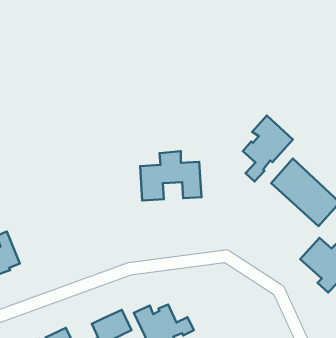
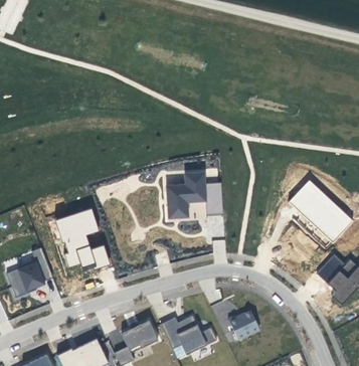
building: [243,116,293,182] -> none
building: none -> [56,209,110,271]
building: none -> [227,310,259,340]

